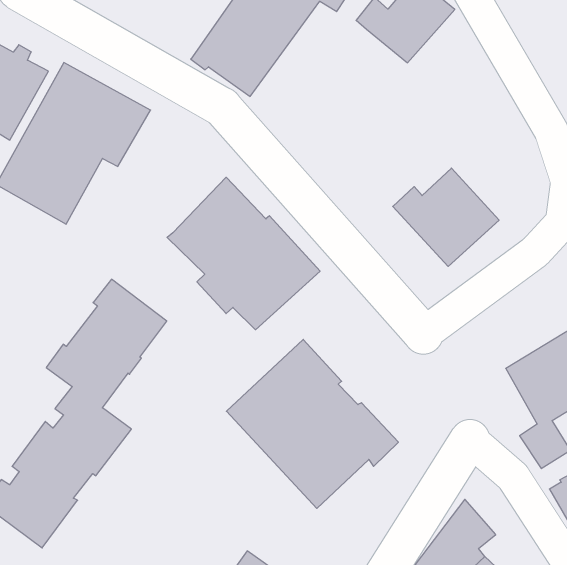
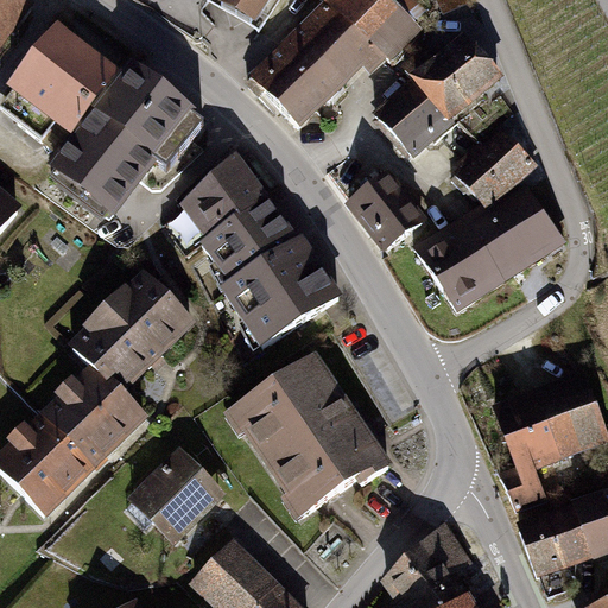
building: none -> [375,77,450,152]
building: none -> [451,128,534,203]
building: none -> [474,183,563,272]
building: none -> [350,171,424,247]
building: none -> [186,154,265,239]
building: none -> [127,450,213,534]

